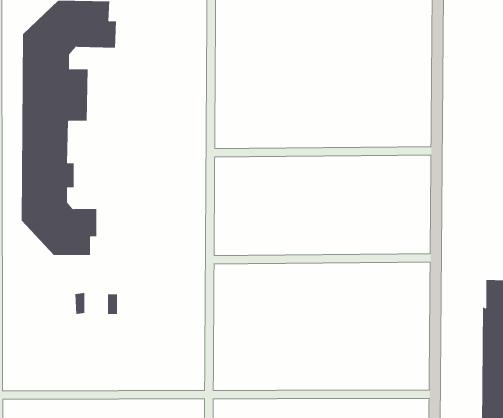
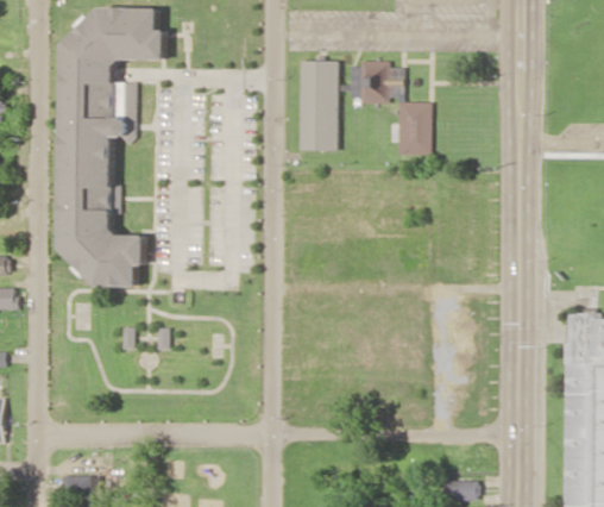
building: none -> [298,60,338,150]
building: none -> [348,61,430,155]

